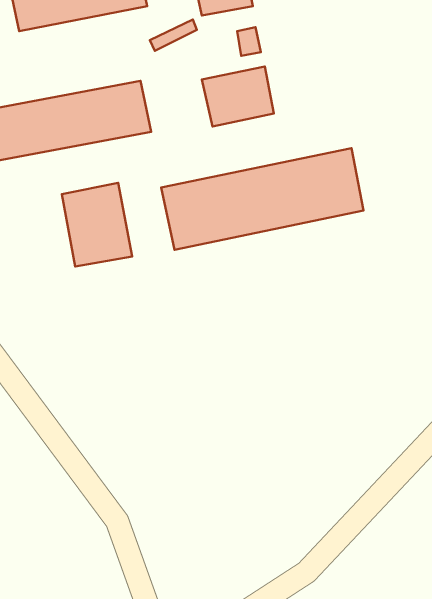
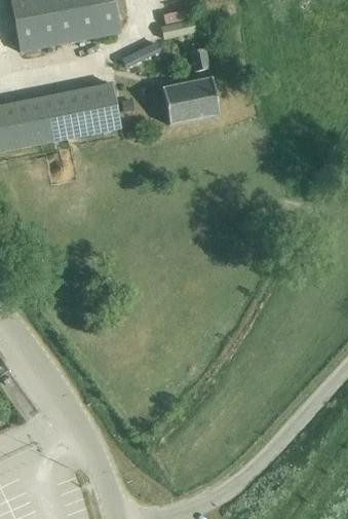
building: [161,148,363,250] -> none
building: [62,183,132,267] -> none

